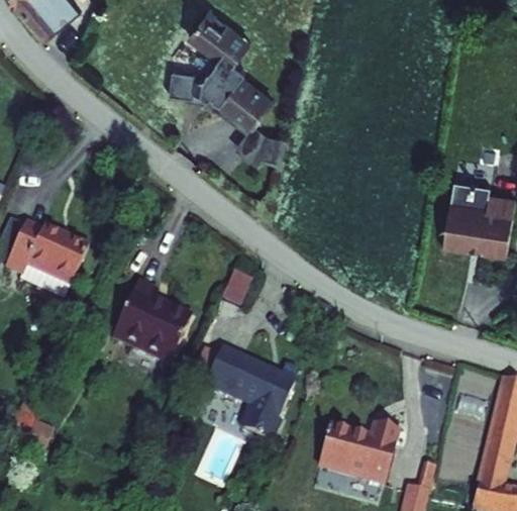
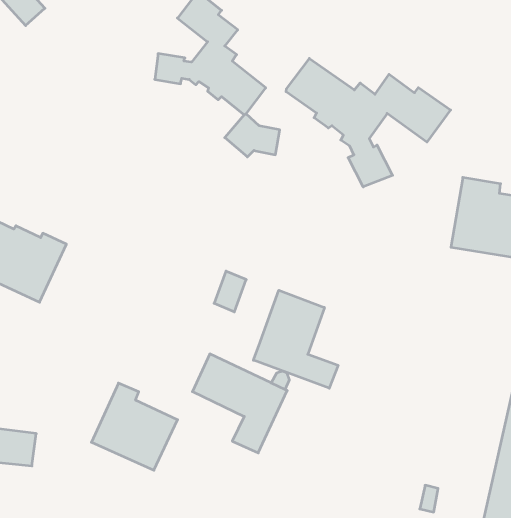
building: none -> [286,58,451,187]
building: [111,279,192,361] -> [91,383,178,470]
building: none -> [253,290,338,388]
building: [315,427,397,488] -> none

